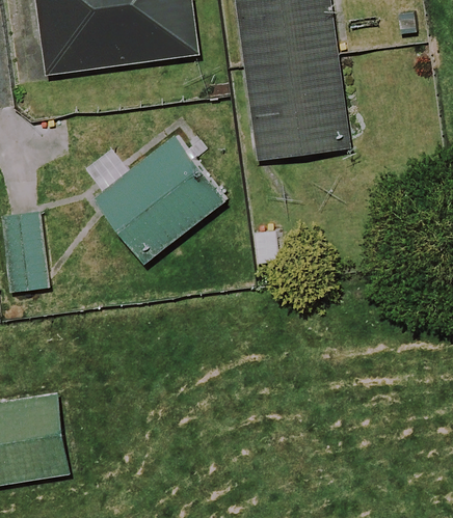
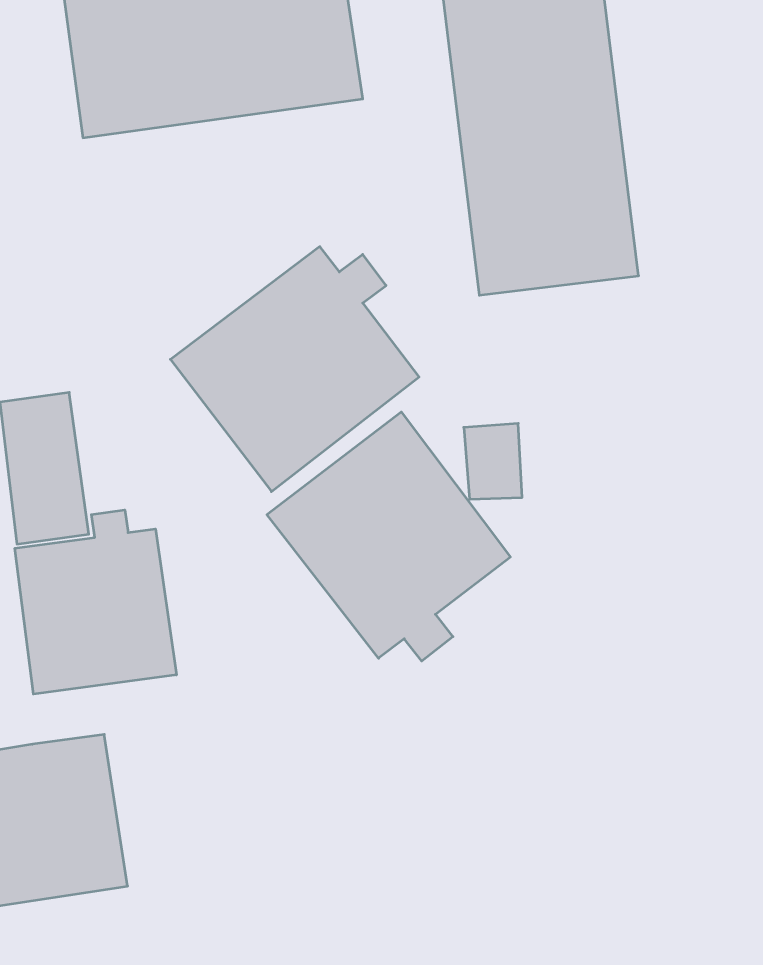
building: none -> [267,412,510,661]
building: none -> [15,510,176,694]

